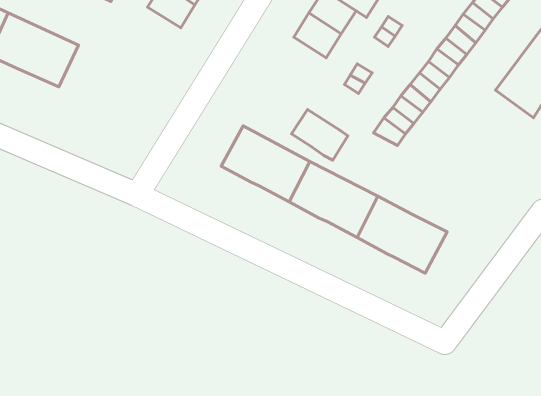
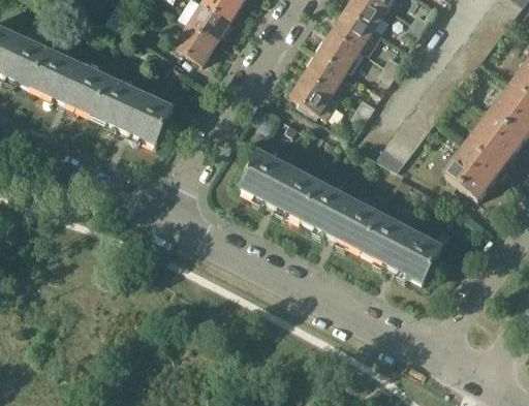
building: none -> [95,77,174,143]
building: none -> [445,118,521,197]
building: [291,109,348,160] -> [291,70,342,116]

